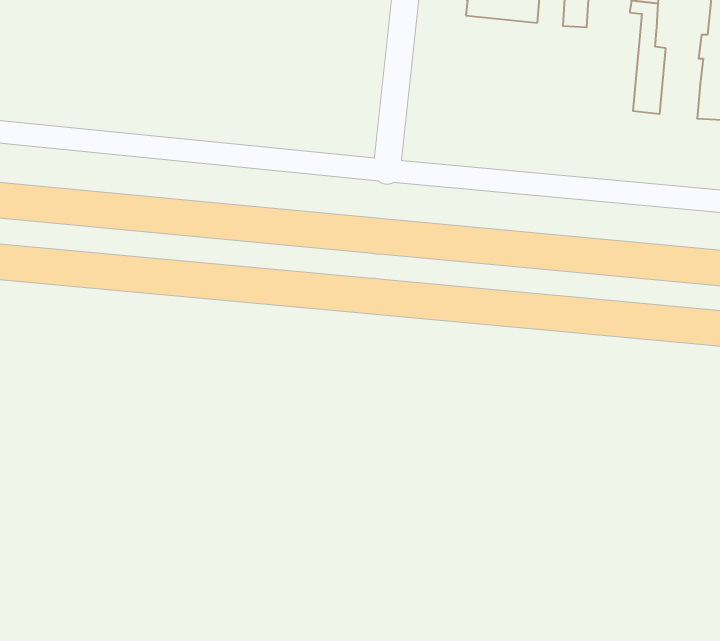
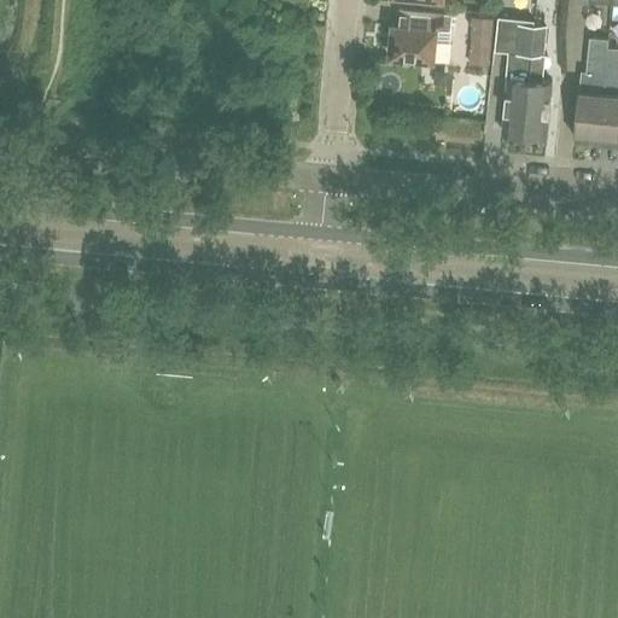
building: none -> [503,51,532,133]

